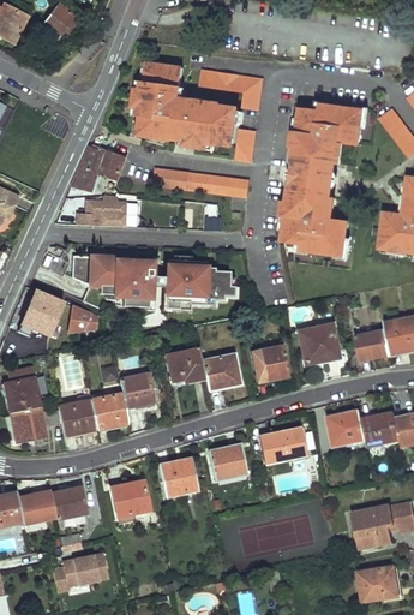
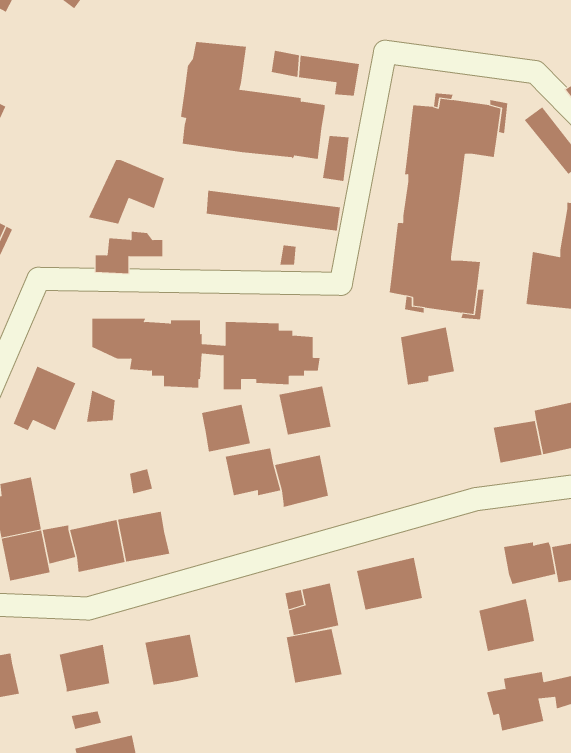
building: [299,323,337,364] -> [400,327,455,385]
building: [252,346,289,381] -> [279,386,331,435]
building: [120,375,155,408] -> [201,404,251,452]
building: [326,408,366,446] -> [478,599,535,652]
building: [158,459,198,497] -> [286,628,342,683]
building: [18,491,55,526] -> none

